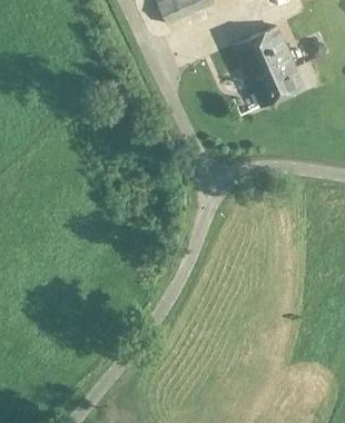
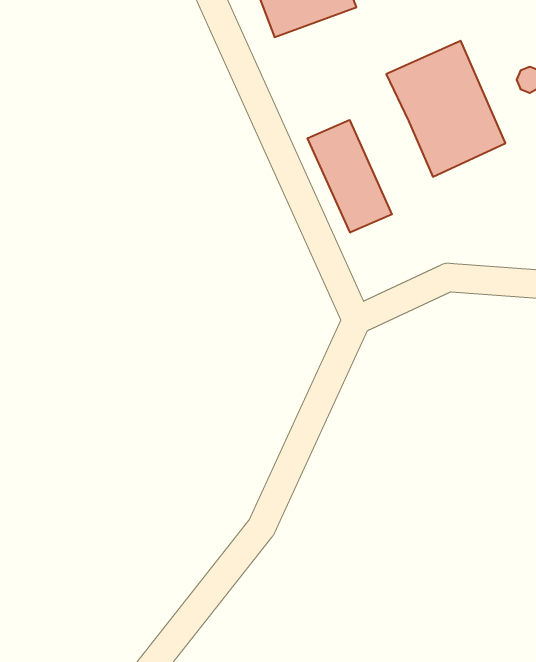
building: none -> [308,120,392,233]

